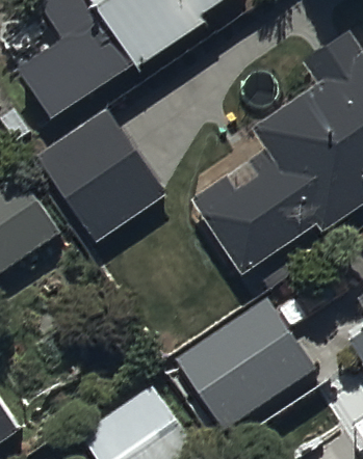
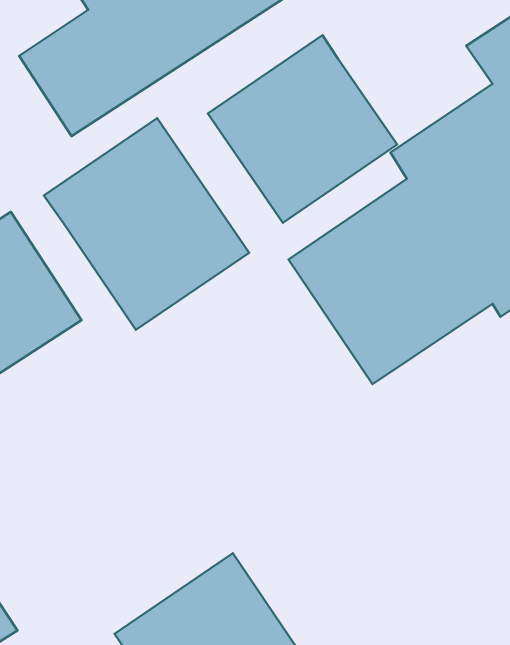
building: none -> [208,35,397,223]
building: [173,295,314,431] -> none

